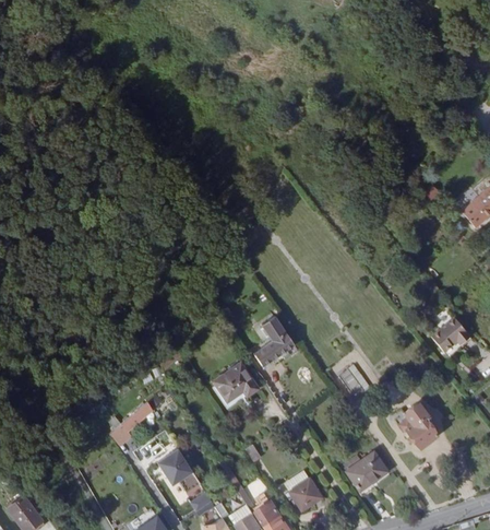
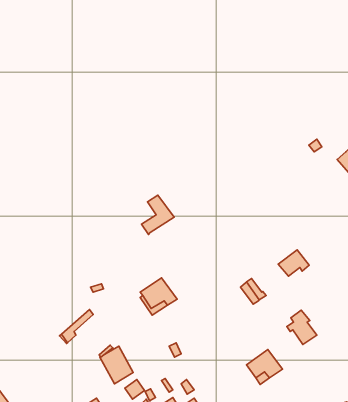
building: [429,314,468,348] -> [278,250,309,276]
building: [252,316,294,366] -> [142,195,174,234]
building: [288,479,321,511] -> none

